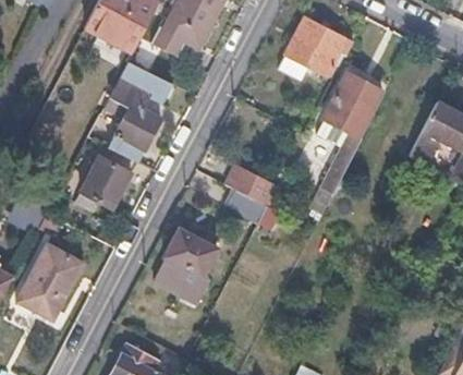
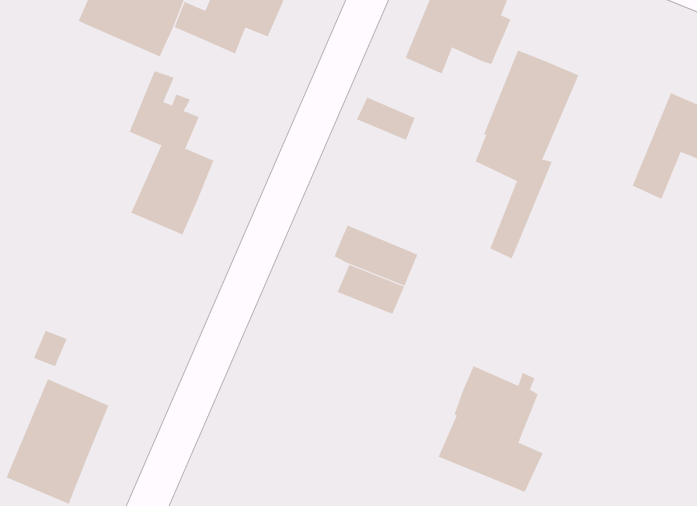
building: [74,155,130,210] -> none
building: [155,227,219,306] -> [438,366,544,493]

